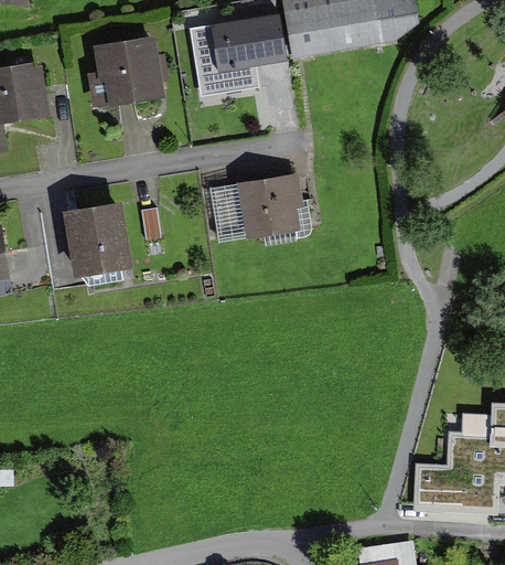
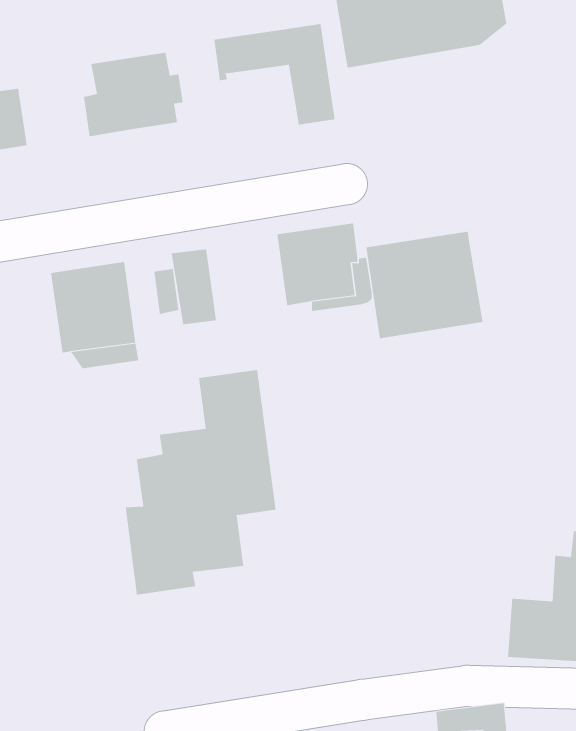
building: [197,51,252,104] -> none
building: none -> [366,231,483,339]
building: [208,181,244,239] -> [171,249,217,325]
building: none -> [125,369,276,595]

